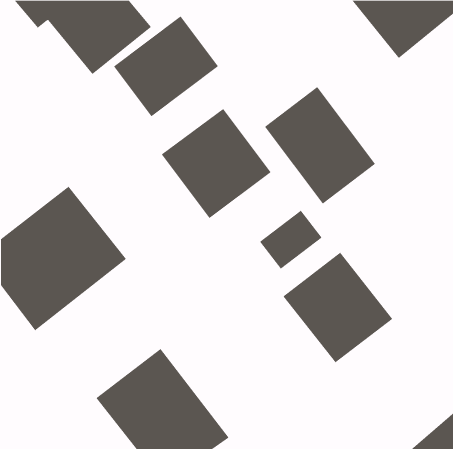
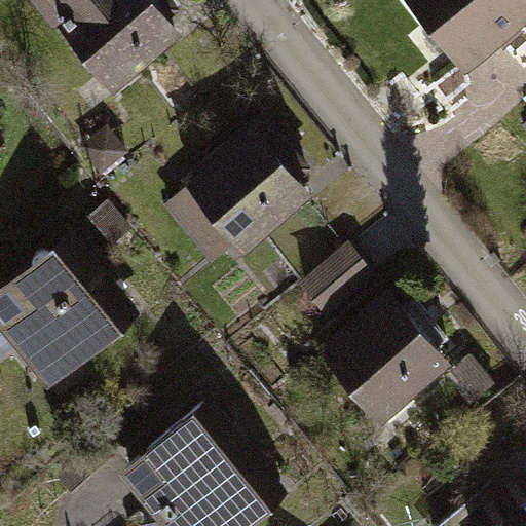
building: [113,15,219,117] -> none
building: [264,86,376,204] -> none

